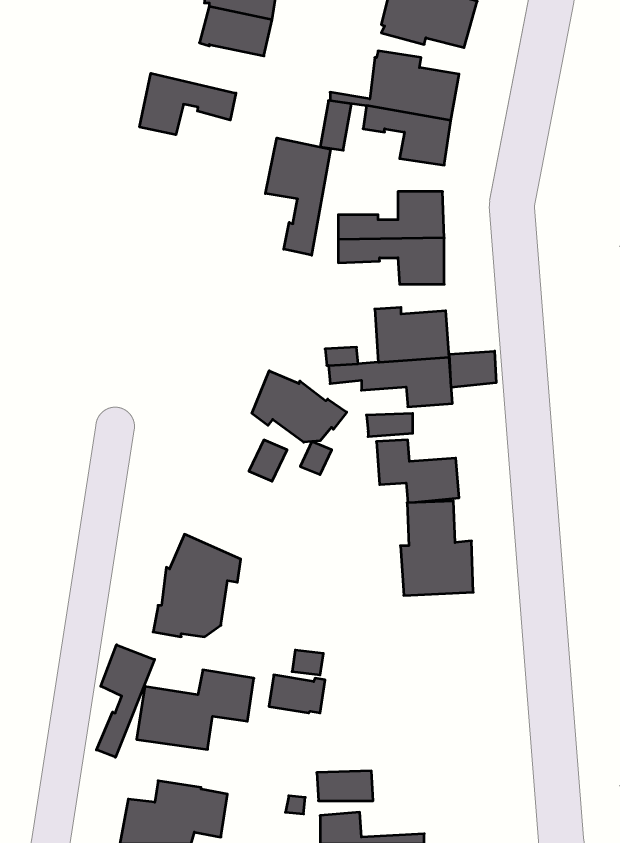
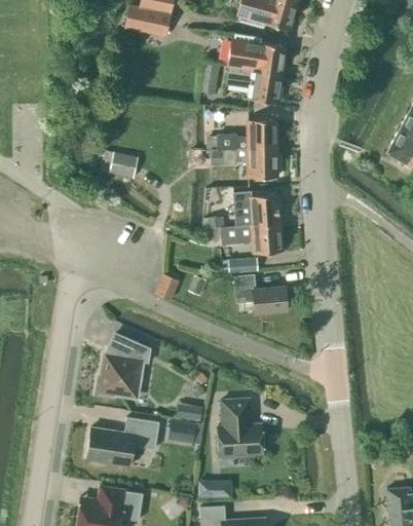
building: [140,73,236,135] -> none
building: [265,138,330,255] -> none
building: none -> [102,150,139,178]
building: [450,351,496,388] -> none
building: [252,371,347,442] -> none
building: [400,501,473,595] -> [218,399,263,457]
building: [96,645,155,757] -> none

